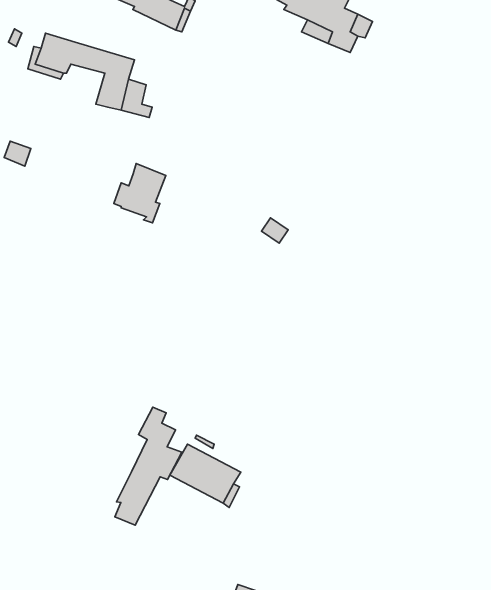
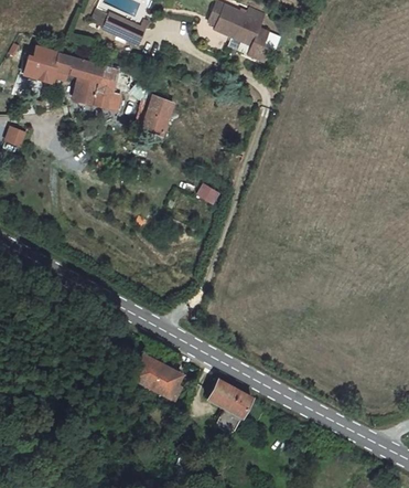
building: [114,164,166,223] -> [136,94,174,138]
building: [115,407,182,525] -> none
building: none -> [207,378,251,431]

